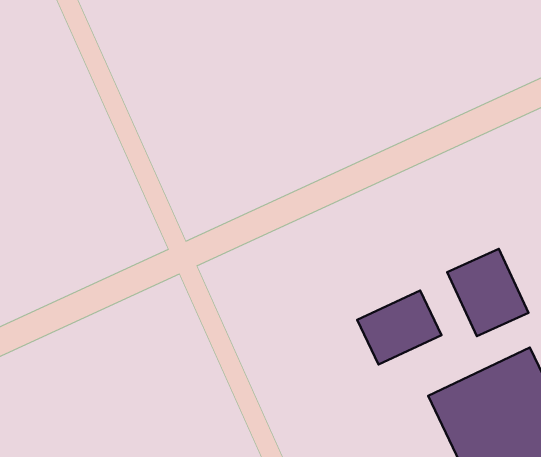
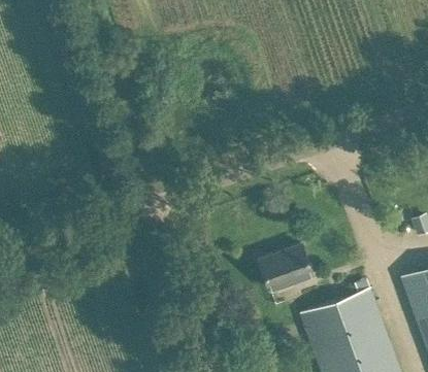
building: [447,249,529,336] -> none

